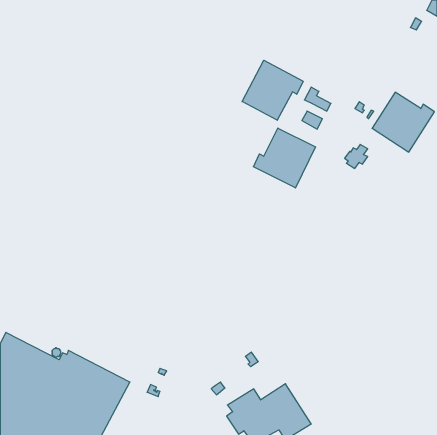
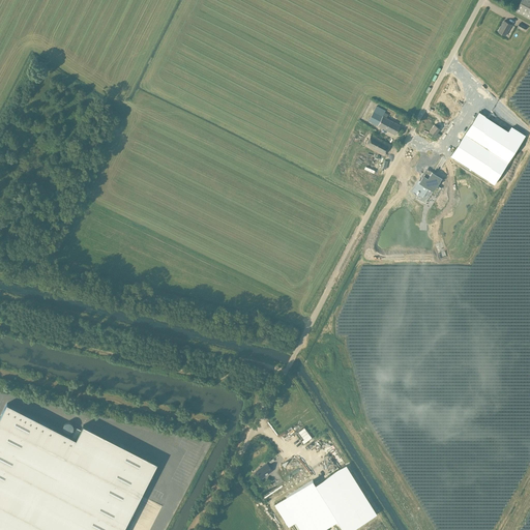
building: [242,60,303,120] -> none
building: [253,128,316,188] -> none

